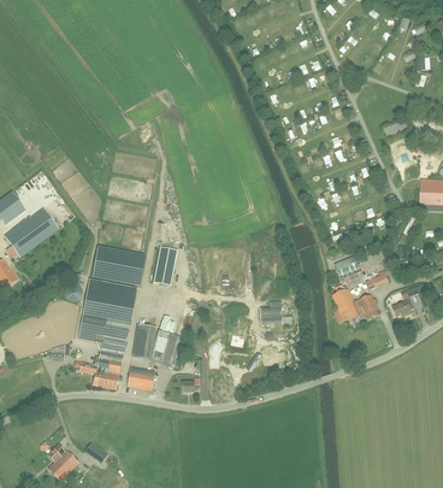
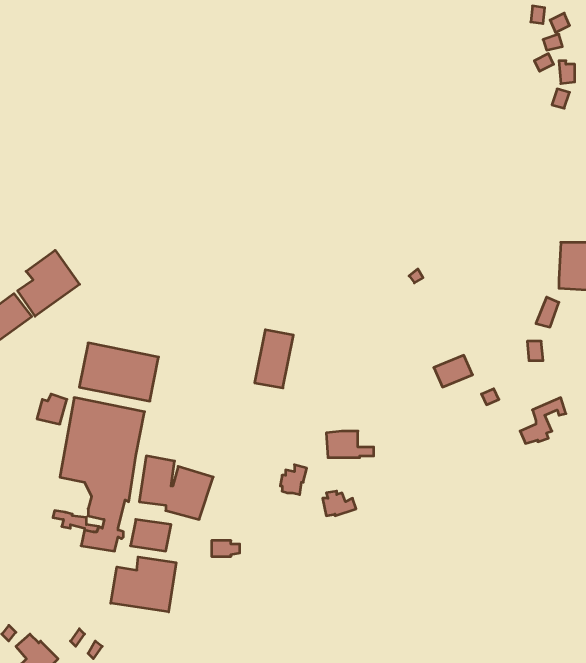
building: none -> [18,250,80,316]
building: [152,248,178,288] -> [255,330,293,388]
building: [331,288,379,323] -> none
building: none -> [111,557,176,612]

